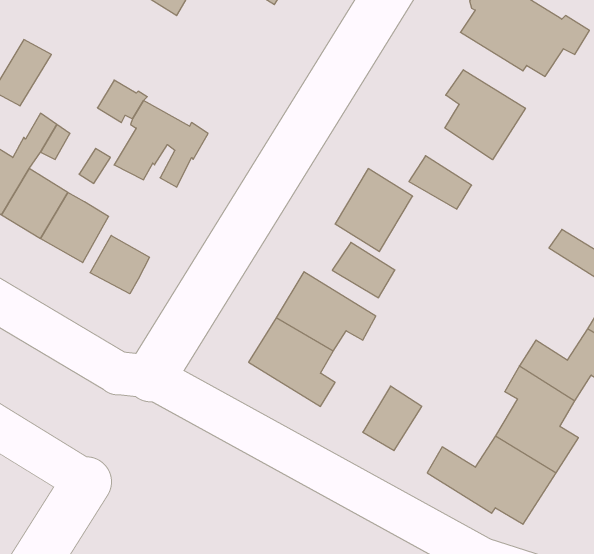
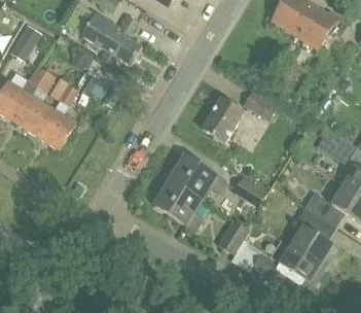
building: none -> [82,11,143,64]
building: [445,70,525,160] -> none
building: [90,235,149,294] -> none
building: [332,242,395,298] -> [232,175,267,206]

